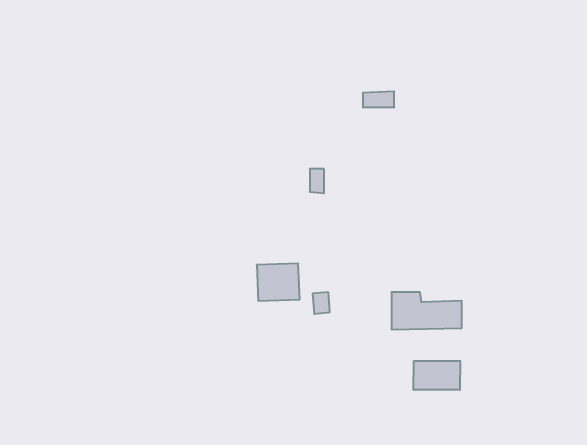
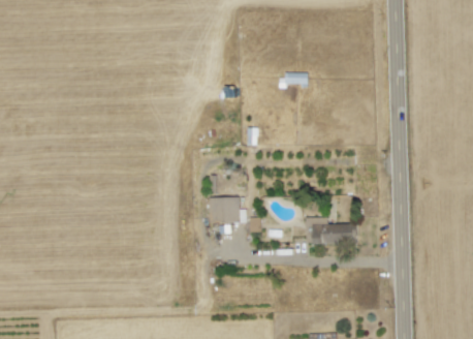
building: [414,361,460,390] -> none

